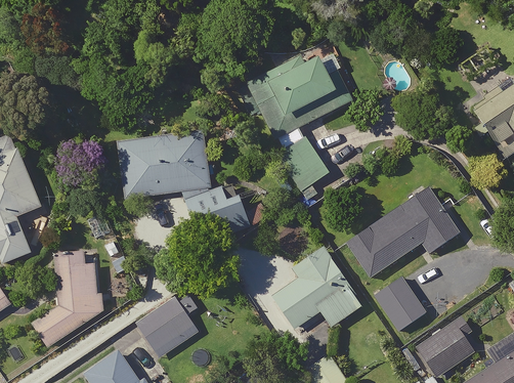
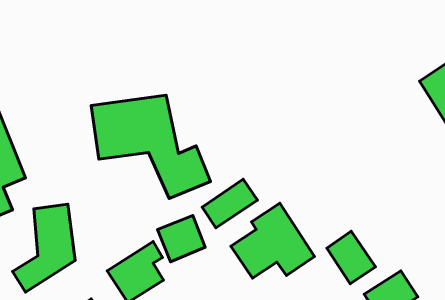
building: [248,38,355,193] -> none
building: [348,189,462,279] -> none
building: none -> [202,179,257,228]
building: none -> [157,215,205,262]

